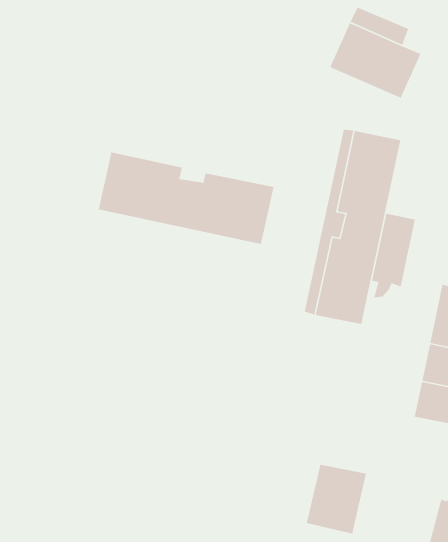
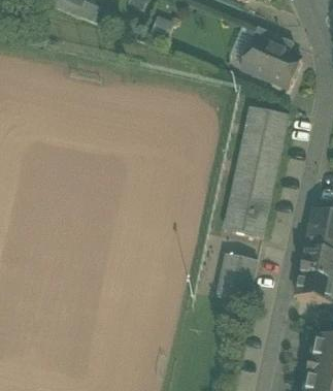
building: [98,152,274,245] -> none
building: [371,213,416,298] -> none
building: [306,464,367,534] -> [217,250,257,296]

